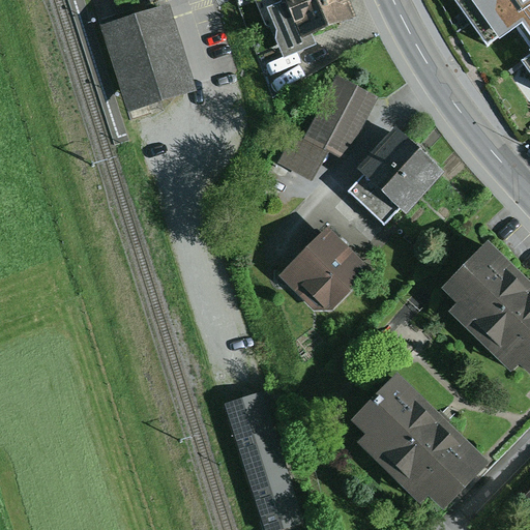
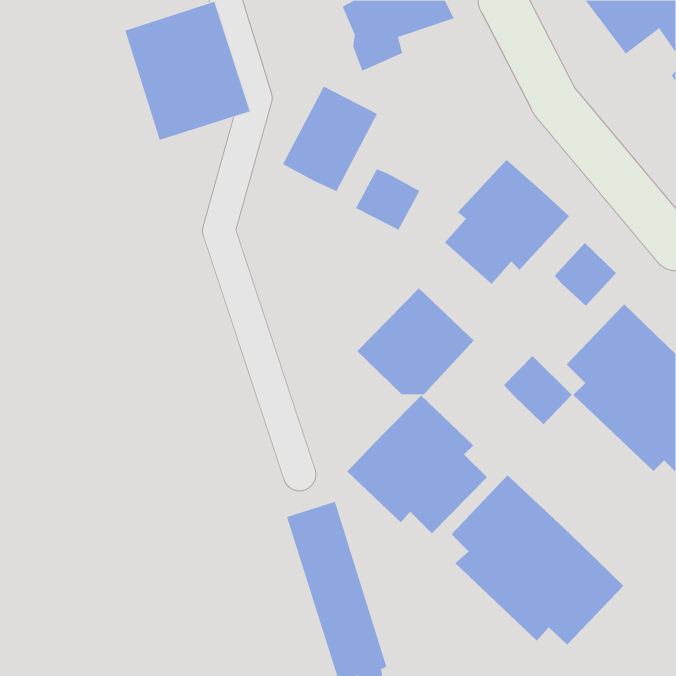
building: [303,76,378,158] -> [282,86,378,192]
building: none -> [554,242,617,307]
building: none -> [503,355,573,425]
building: none -> [346,395,488,534]

